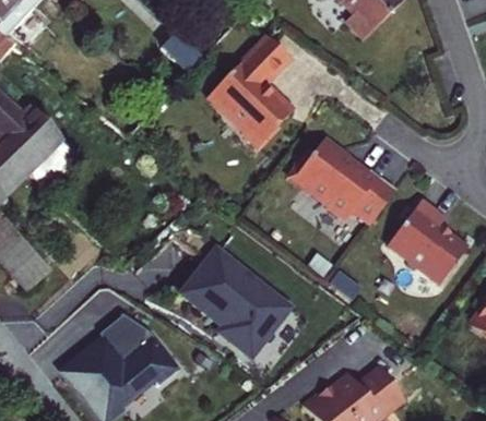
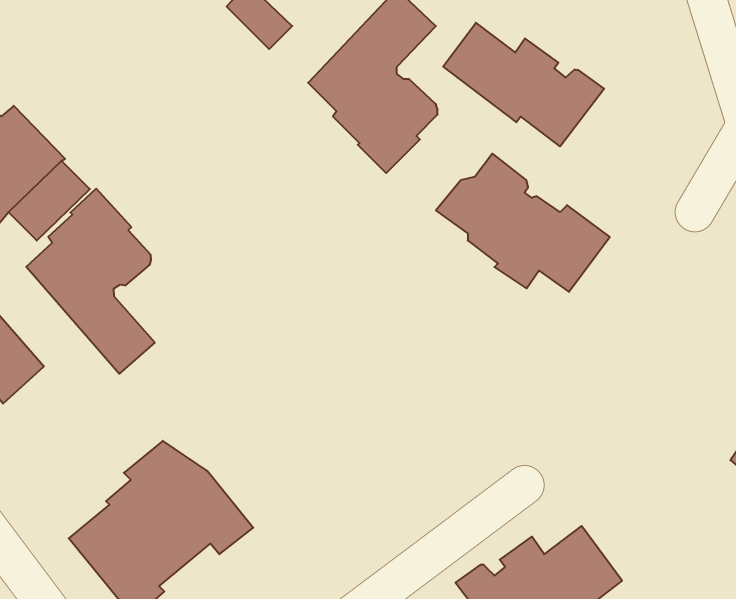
building: none -> [443,23,604,146]
building: none -> [26,189,155,374]
building: [388,201,467,285] -> none
building: [180,248,289,357] -> none

